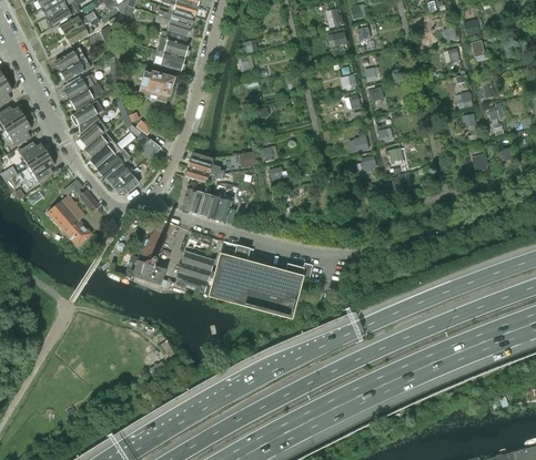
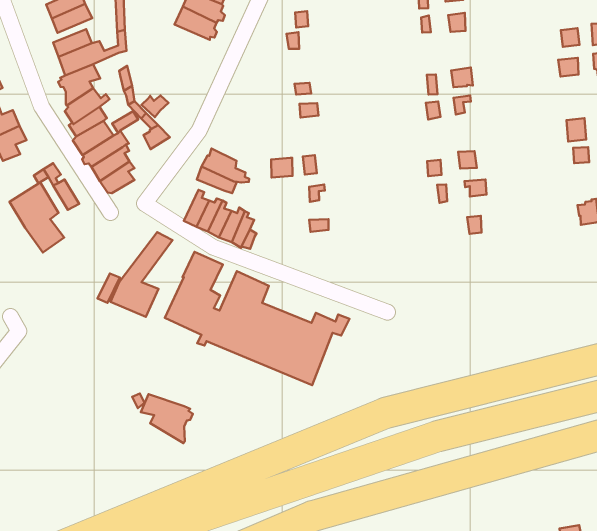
building: [138,70,173,101] -> none
building: none -> [141,394,193,443]

